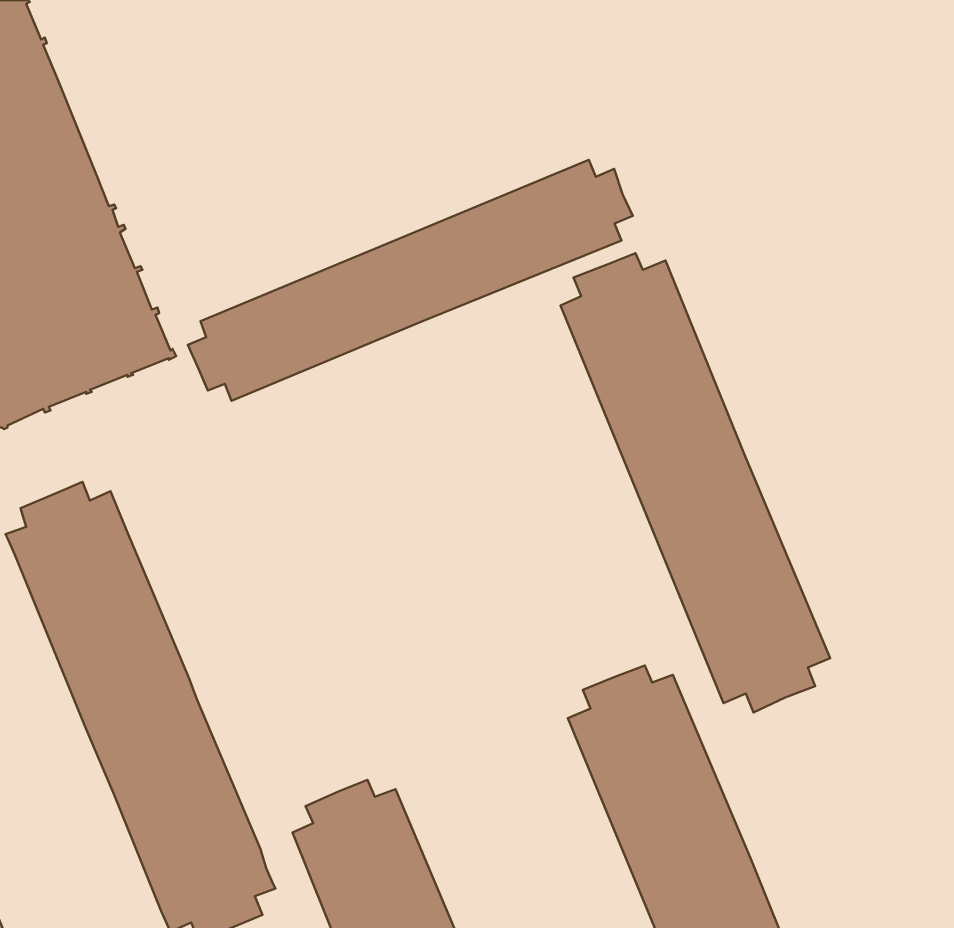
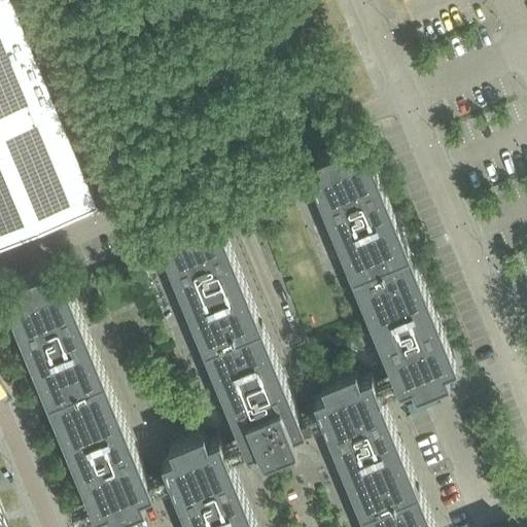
building: [188,160,633,401] -> none
building: none -> [155,218,304,470]

